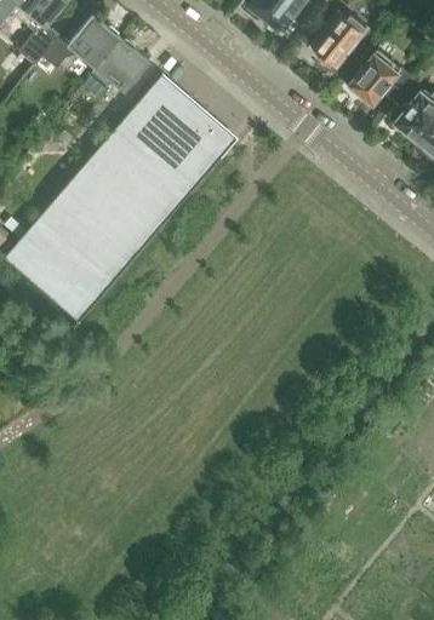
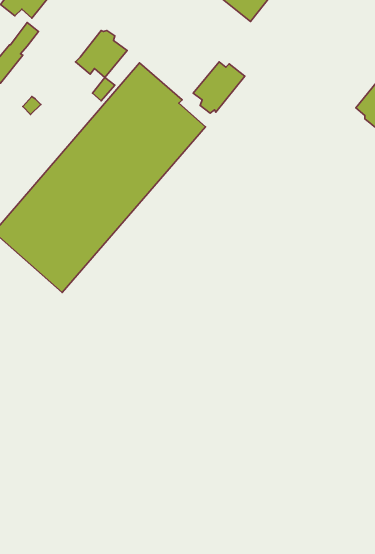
building: [310,12,366,68] -> [193,62,245,113]
building: [42,16,120,68] -> none
building: [348,50,411,104] -> none

